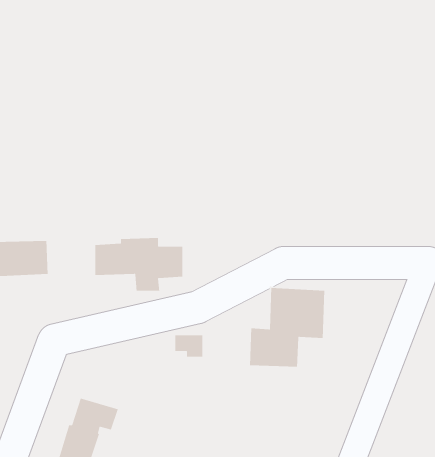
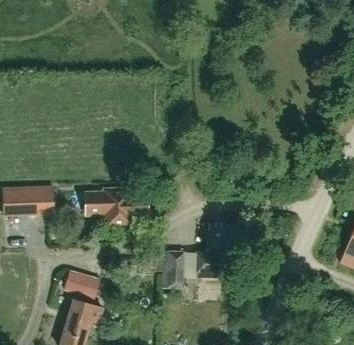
building: none -> [162,250,188,288]
building: none -> [62,269,100,299]

